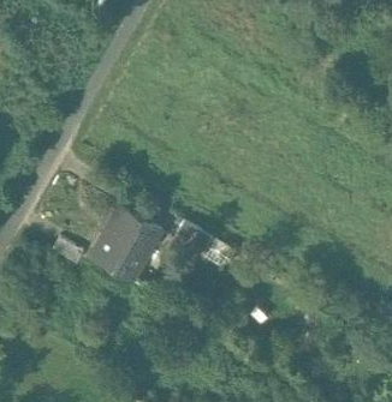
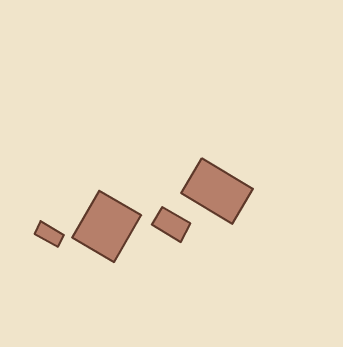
building: none -> [181,158,253,224]

